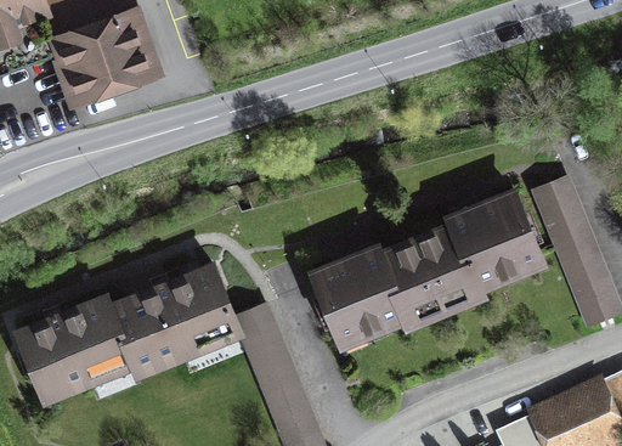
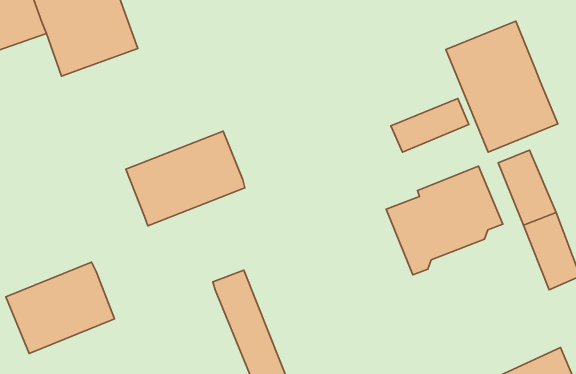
building: none -> [446,21,558,152]
building: none -> [391,99,469,152]
building: [315,238,445,334] -> none
building: [112,264,237,363] -> [126,131,245,226]

